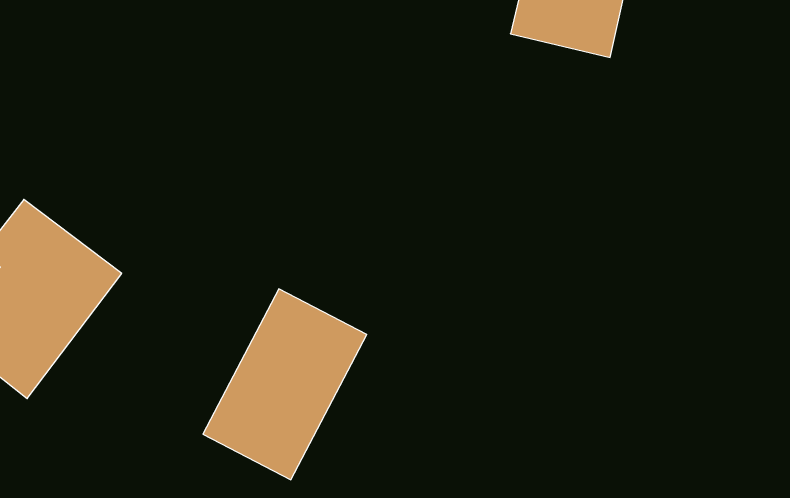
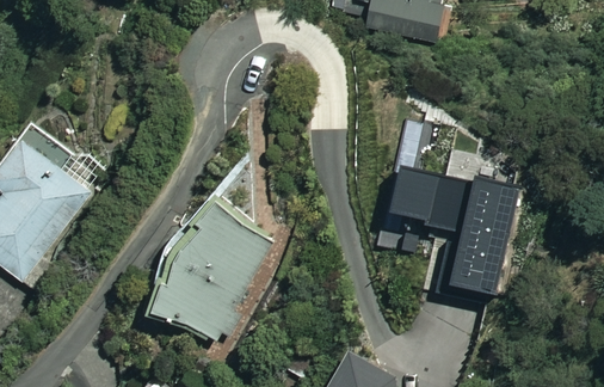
building: none -> [389,159,505,293]

